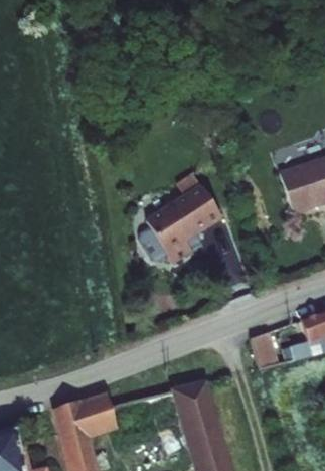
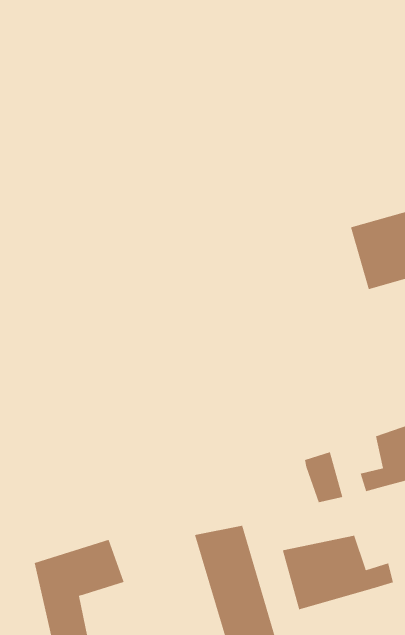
building: [144,176,220,254] -> none
building: none -> [282,535,394,610]

